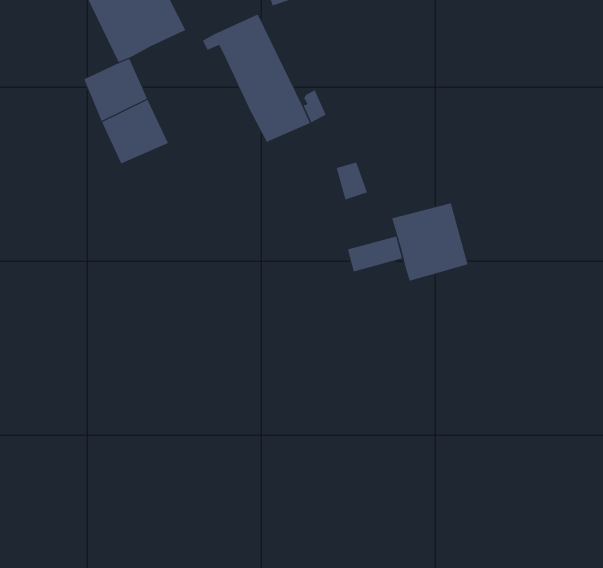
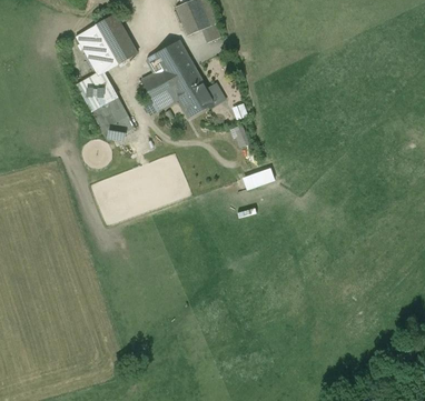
building: none -> [141,68,178,109]
building: [392,202,468,282] -> none

